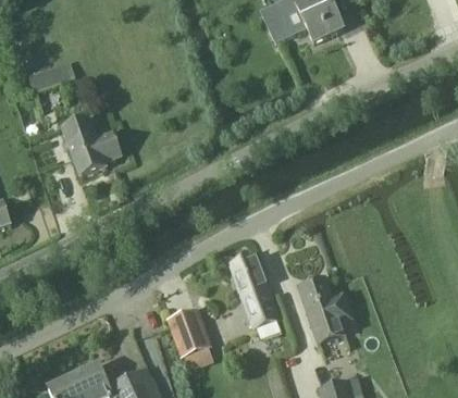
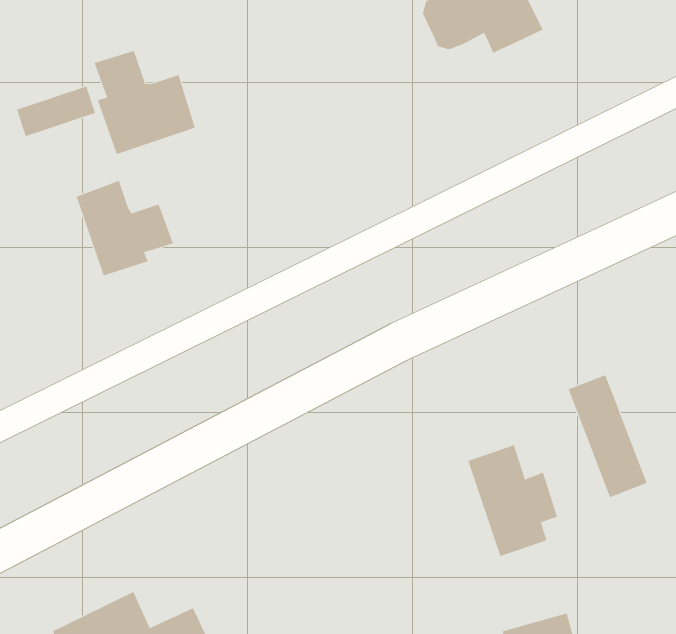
building: none -> [94,50,196,155]
building: [231,253,278,327] -> [568,375,648,498]
building: [168,311,210,355] -> none

